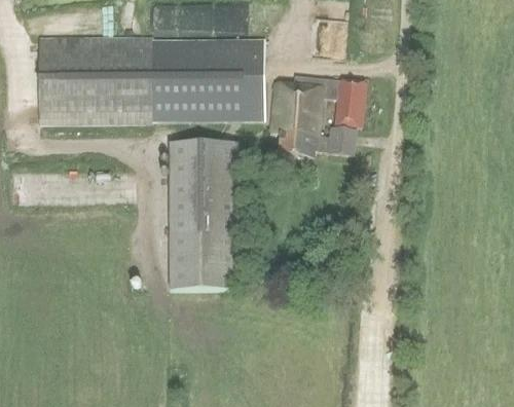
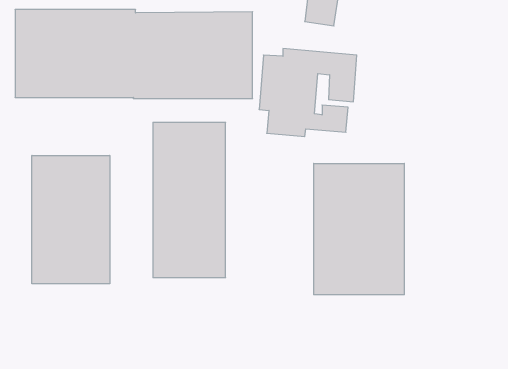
building: none -> [32,155,110,284]
building: none -> [314,163,404,295]

